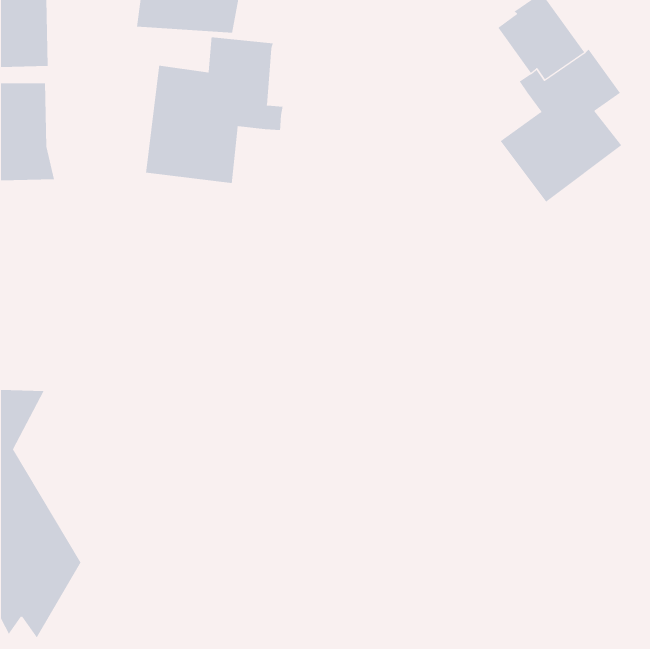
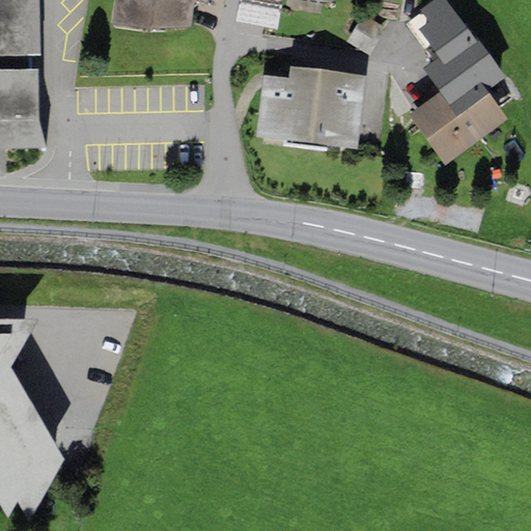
building: [146,36,283,184] -> none
building: none -> [255,65,365,148]

